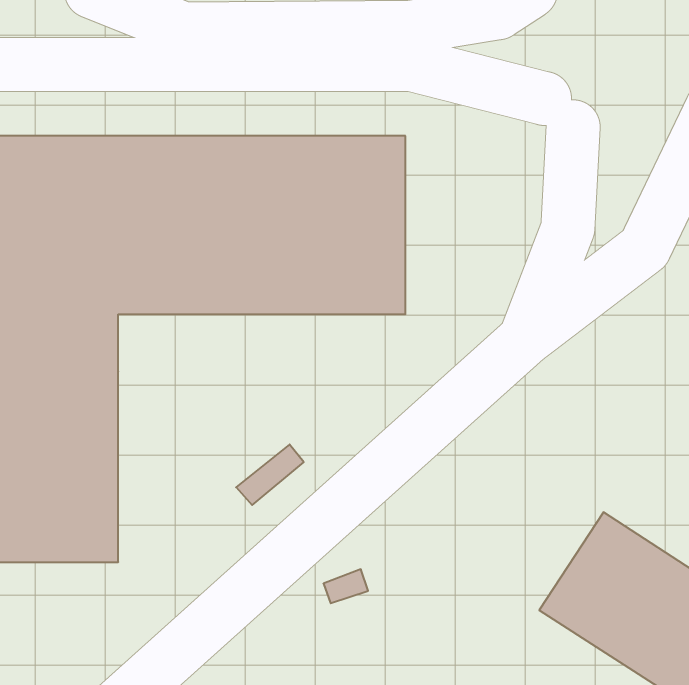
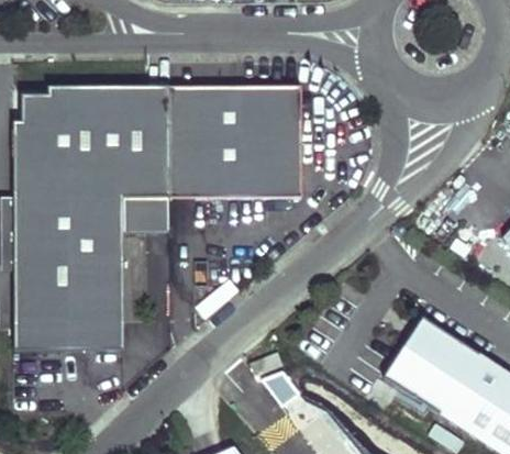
building: none -> [124,196,170,231]

